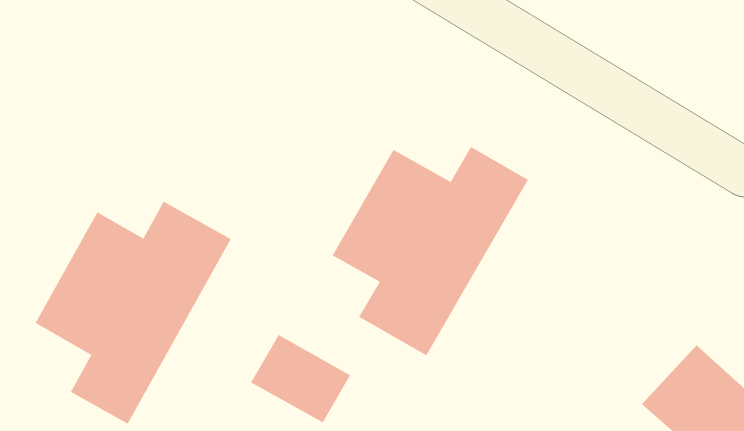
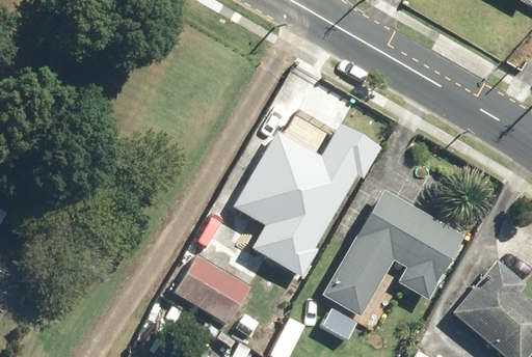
building: [35,201,231,424] -> none
building: none -> [326,192,464,312]

